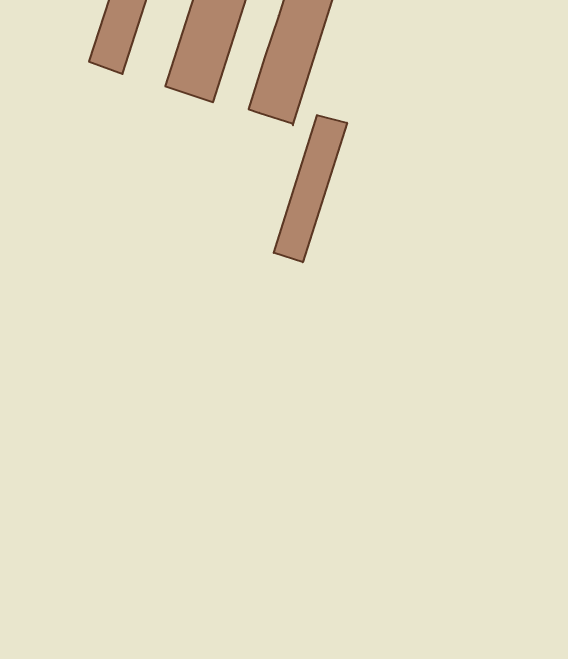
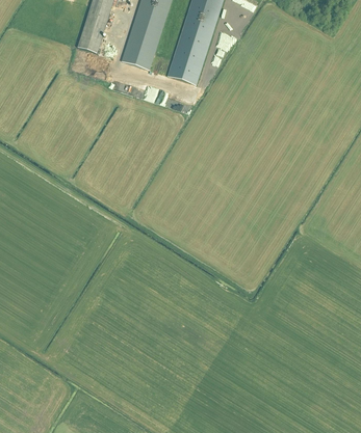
building: [274,115,347,262] -> none

